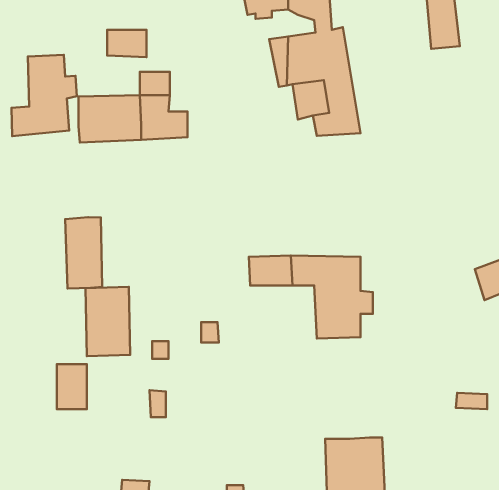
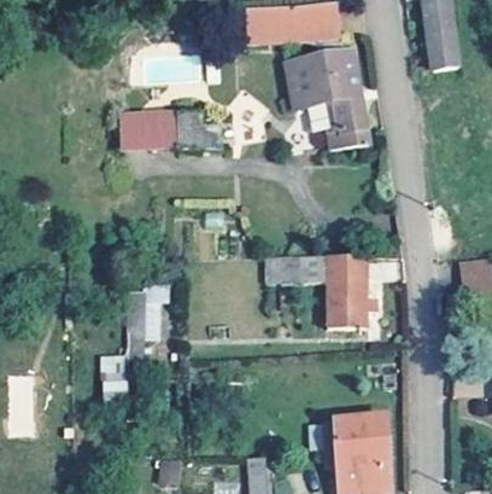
building: [11,55,77,136] -> none
building: [65,217,102,288] -> none

